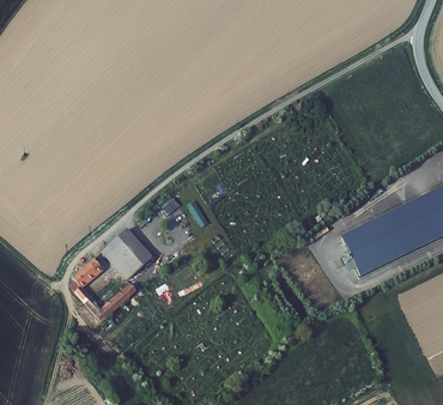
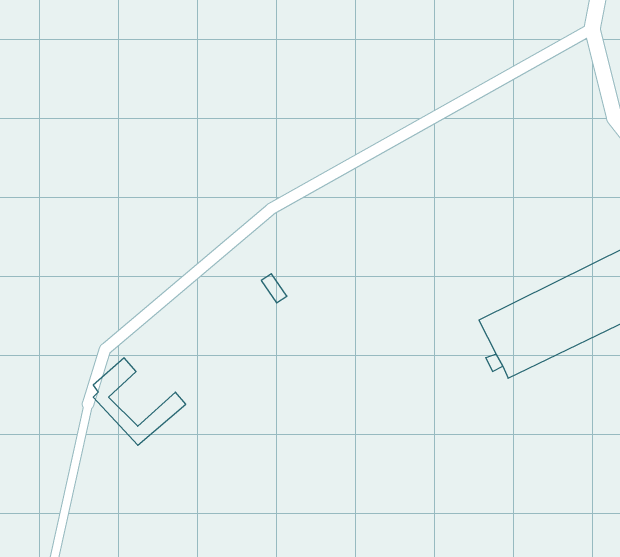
building: [103,229,153,278] -> none

